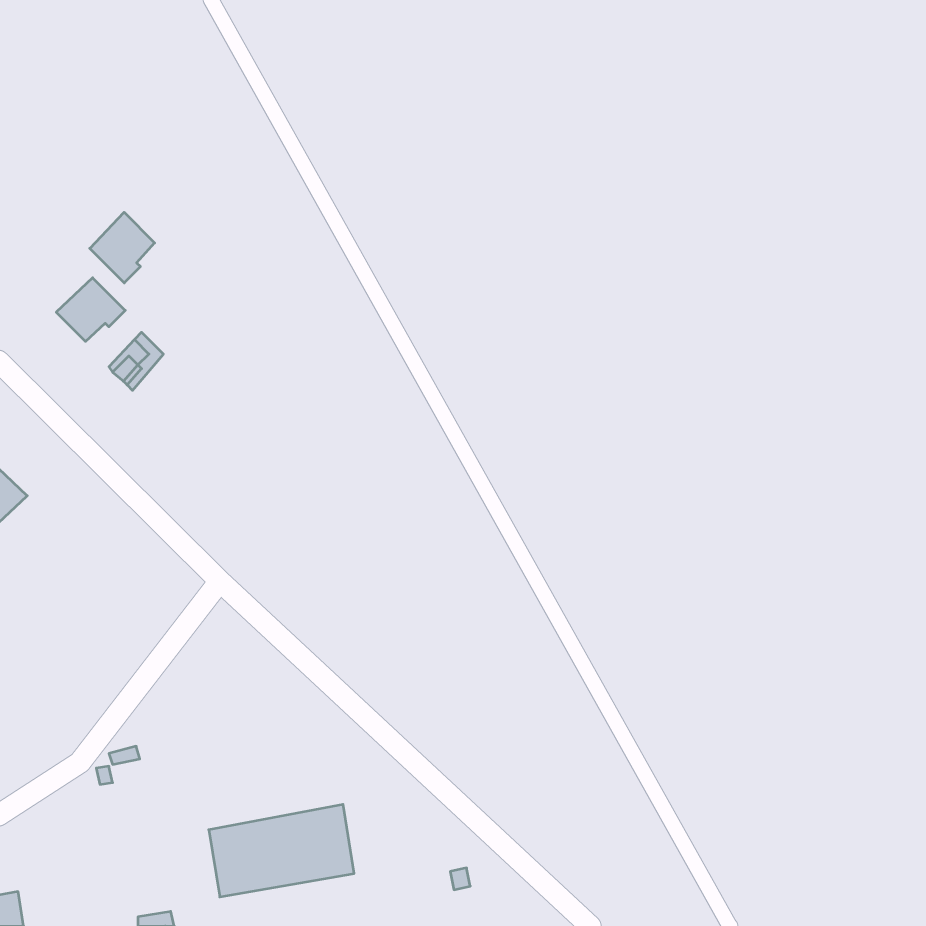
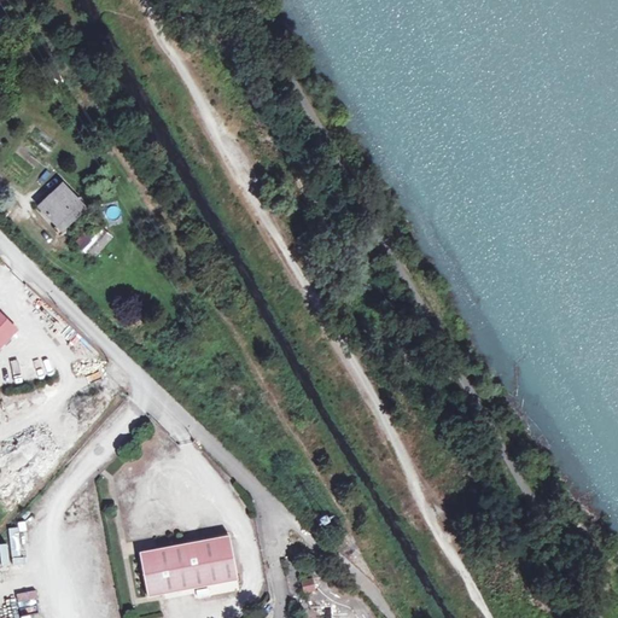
building: [90,212,155,283] -> none

